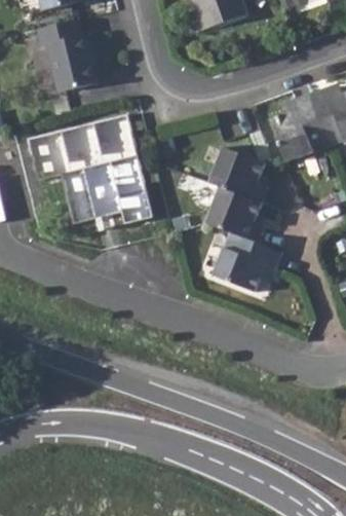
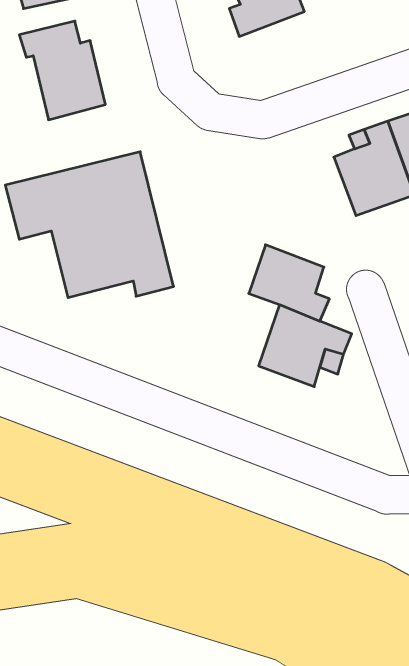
building: [209,145,268,200] -> none

